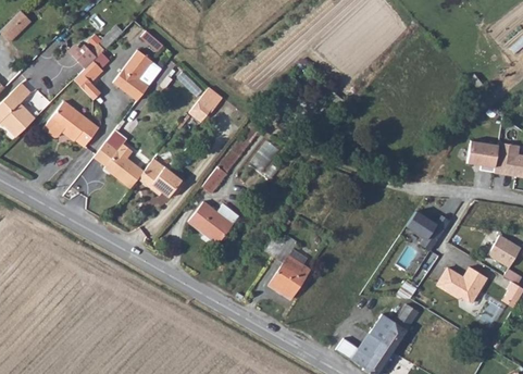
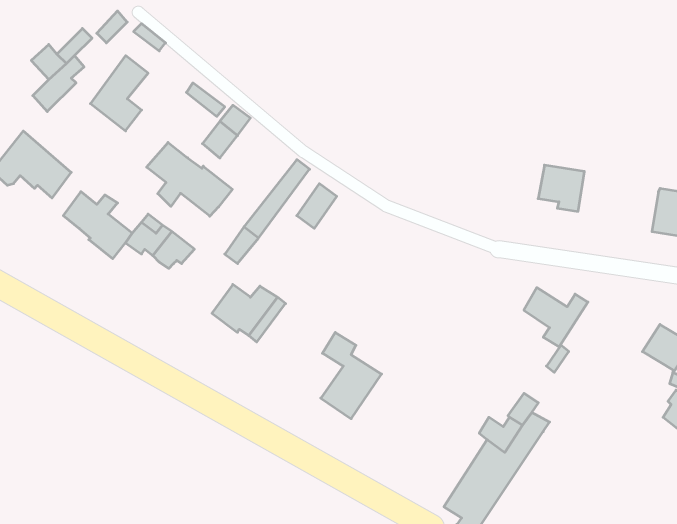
building: none -> [147,142,232,216]
building: [466,139,498,171] -> [538,165,584,211]
building: [437,266,486,301] -> none

